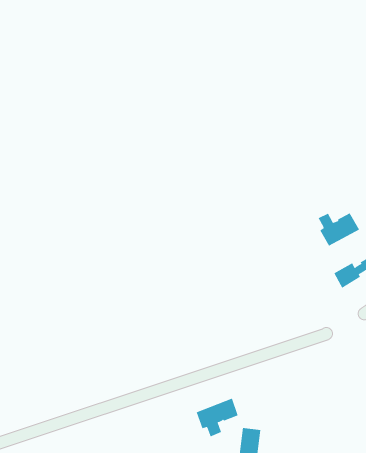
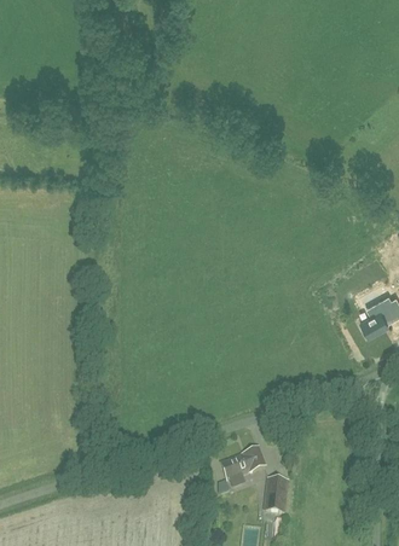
building: [318,213,360,246] -> none

